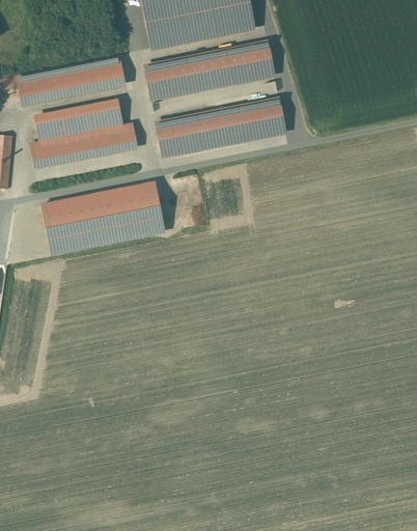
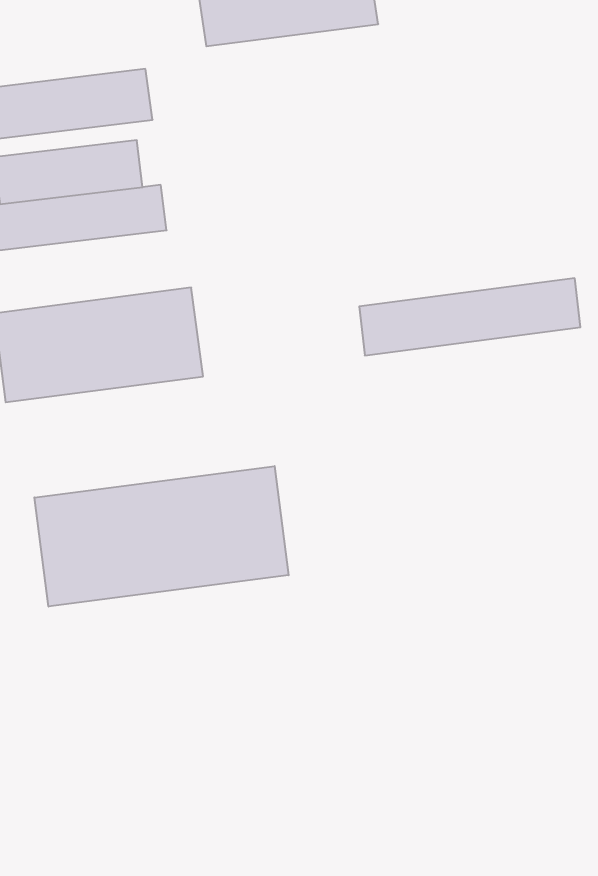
building: [144,43,273,95] -> none
building: [156,100,284,152] -> [359,278,580,355]
building: none -> [34,466,289,607]

